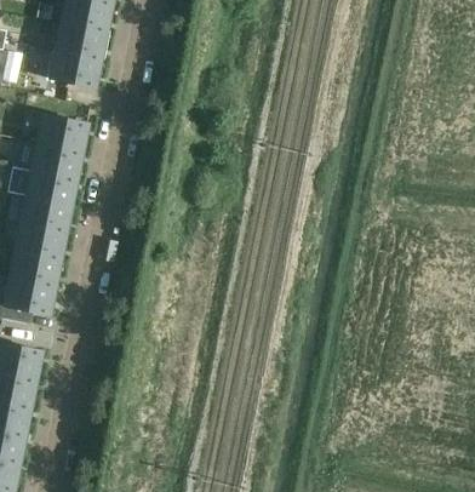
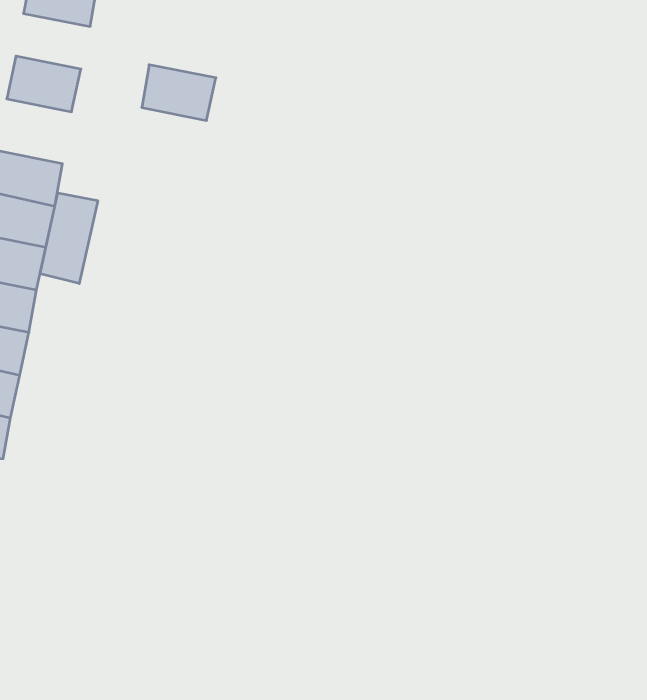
building: [58,23,107,59] -> [142,65,216,120]
building: none -> [40,193,98,284]

